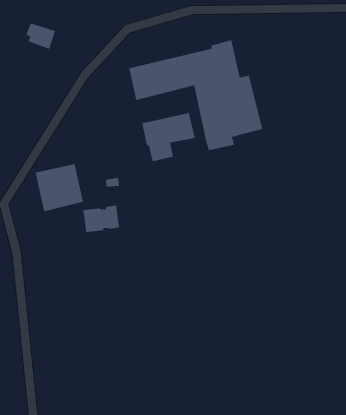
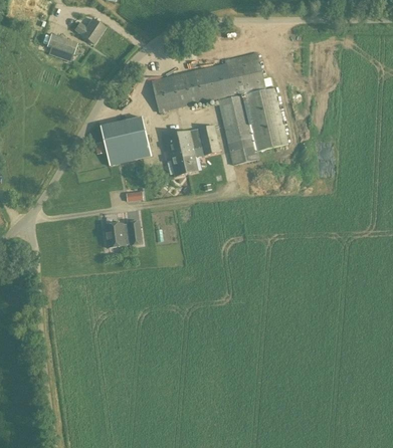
building: none -> [74,18,105,43]
building: [35,164,84,212] -> [101,116,151,165]

